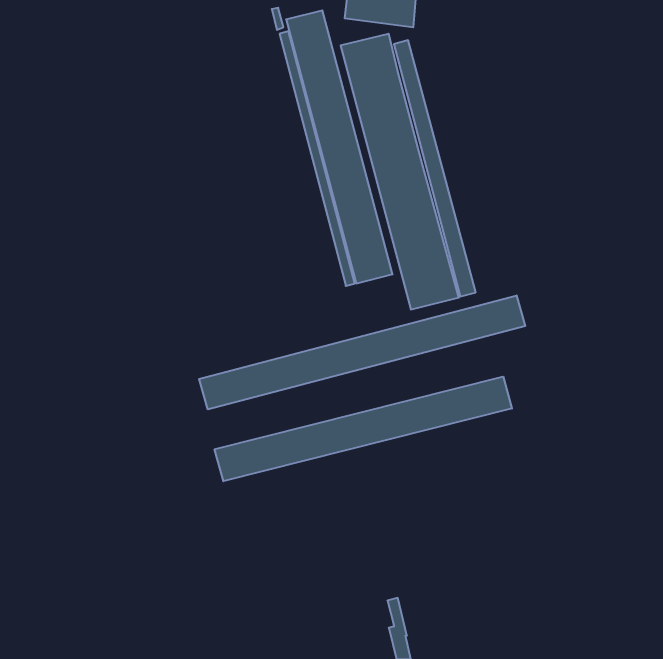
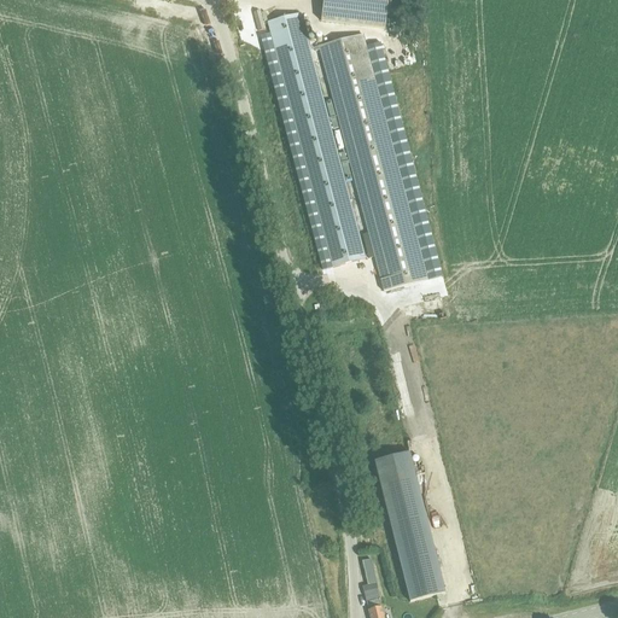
building: [199,295,525,409] -> none
building: [215,377,512,481] -> none
building: none -> [374,451,444,599]

